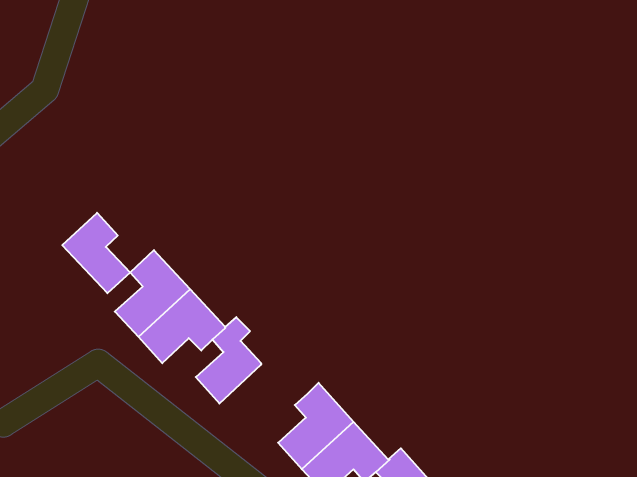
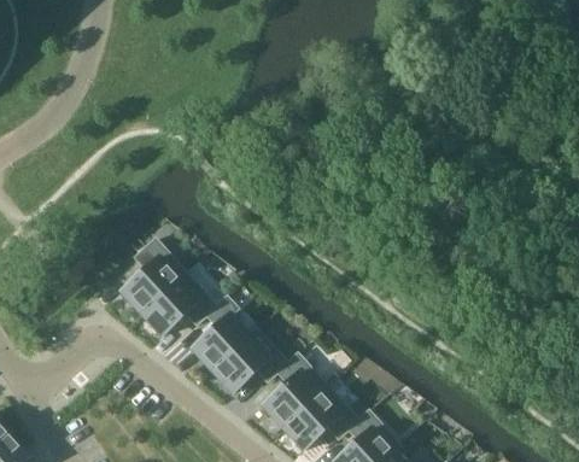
building: [62,213,130,293] -> none
building: none -> [211,328,287,392]

